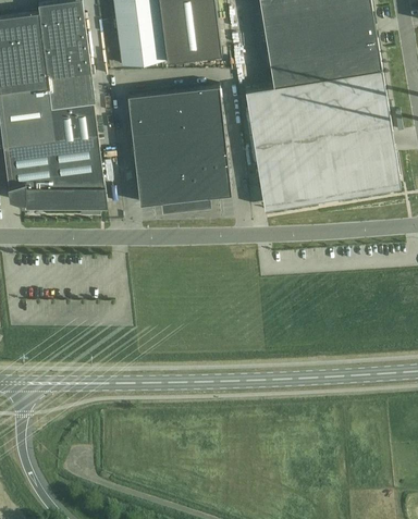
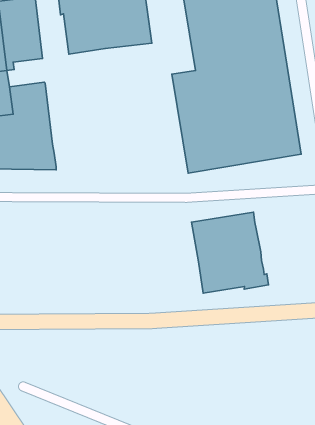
building: [48,75,95,109] -> none
building: [127,89,231,208] -> none
building: none -> [191,212,269,293]

